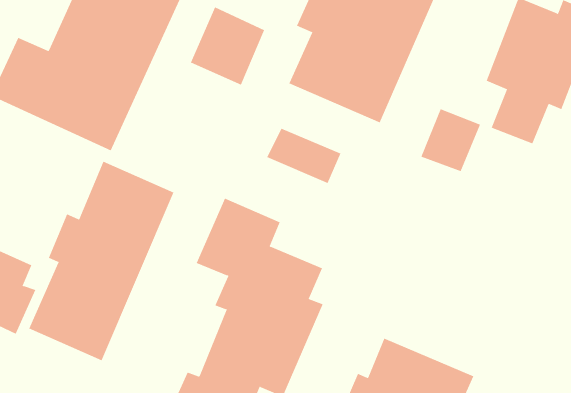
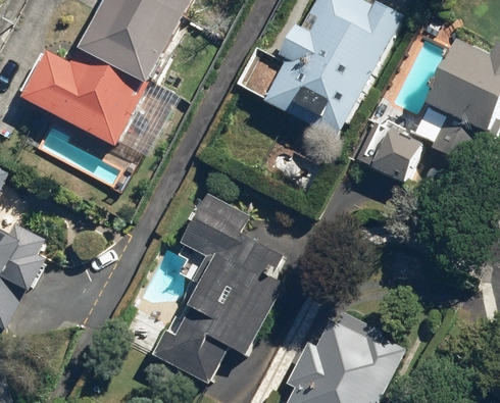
building: [190,6,265,86] -> none
building: [267,128,341,184] -> none
building: [29,161,174,361] -> none

